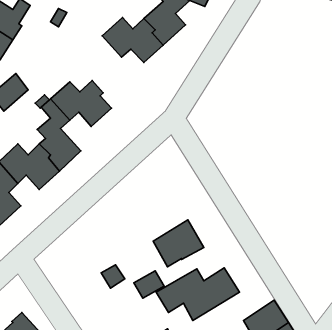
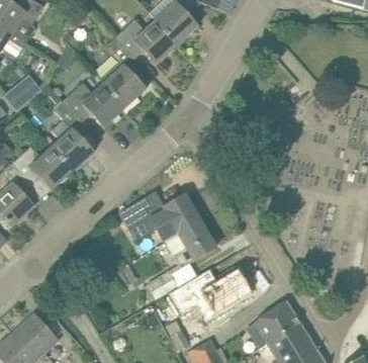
building: none -> [98,37,146,109]
building: none -> [119,193,199,242]

